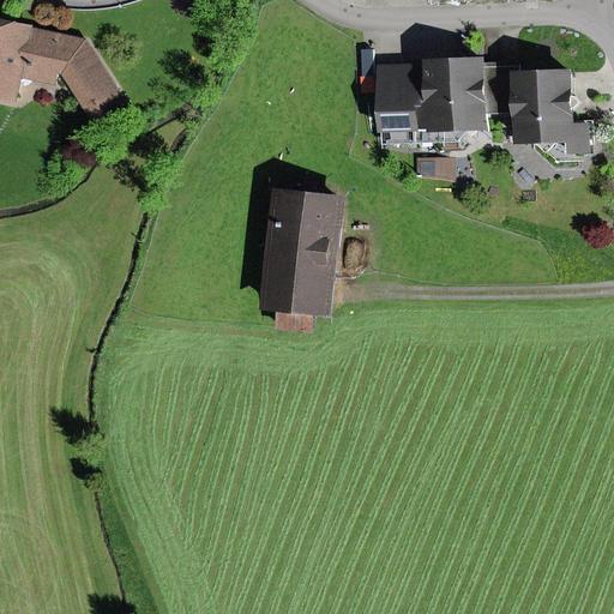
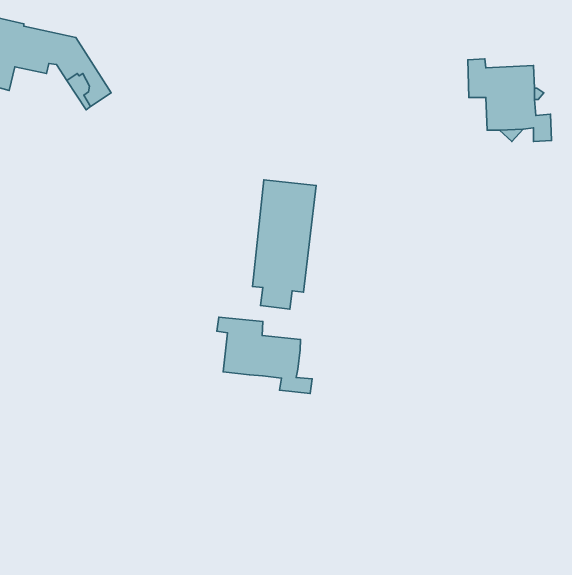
building: [375,58,496,139] -> none
building: none -> [217,317,312,394]

